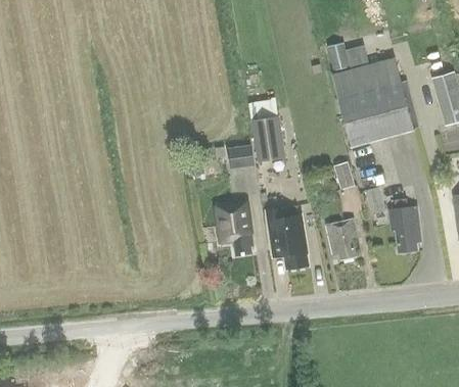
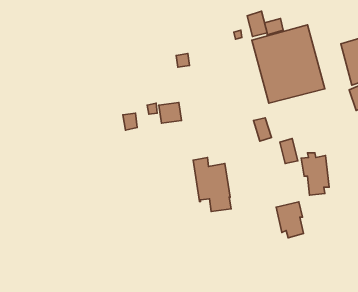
building: [253,117,285,161] -> none
building: [214,200,253,255] -> none
building: [327,220,358,260] -> [276,202,303,238]

